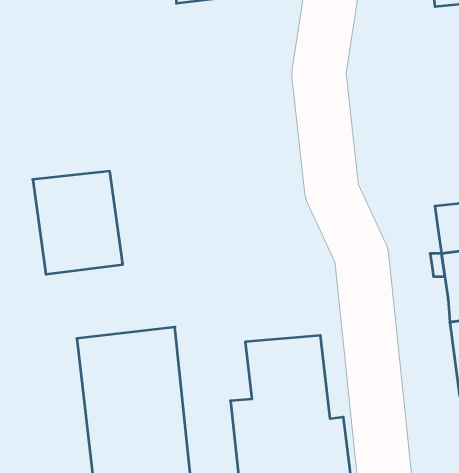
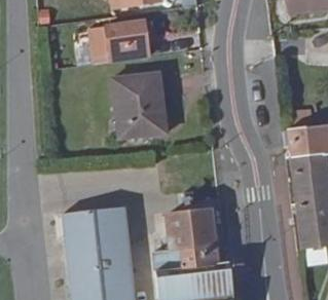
building: none -> [93,25,148,65]
building: [33,171,123,274] -> [112,76,169,141]

